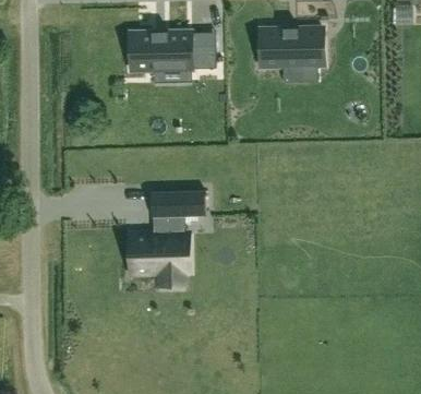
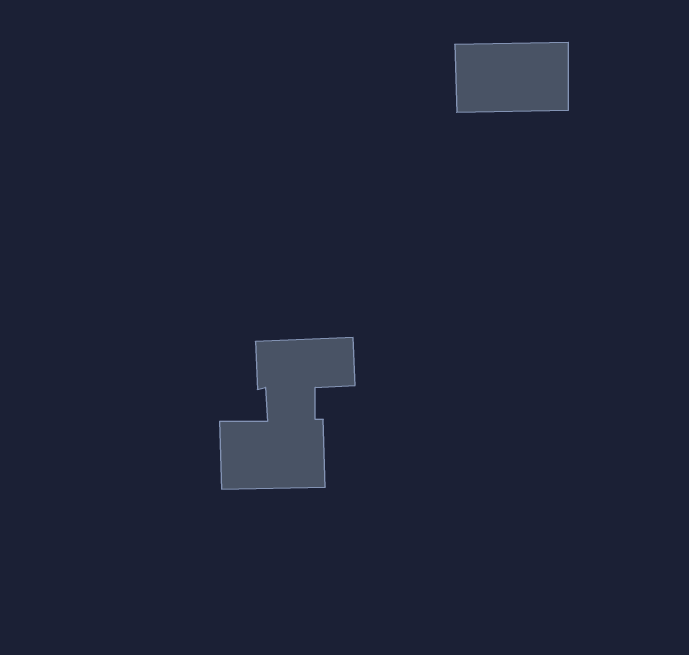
building: [130,32,216,71] -> none

